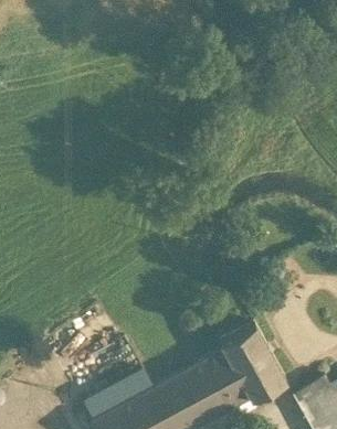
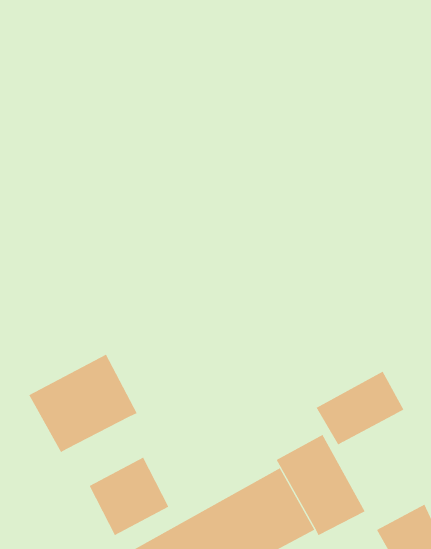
building: none -> [29,354,138,453]
building: none -> [316,371,404,445]

